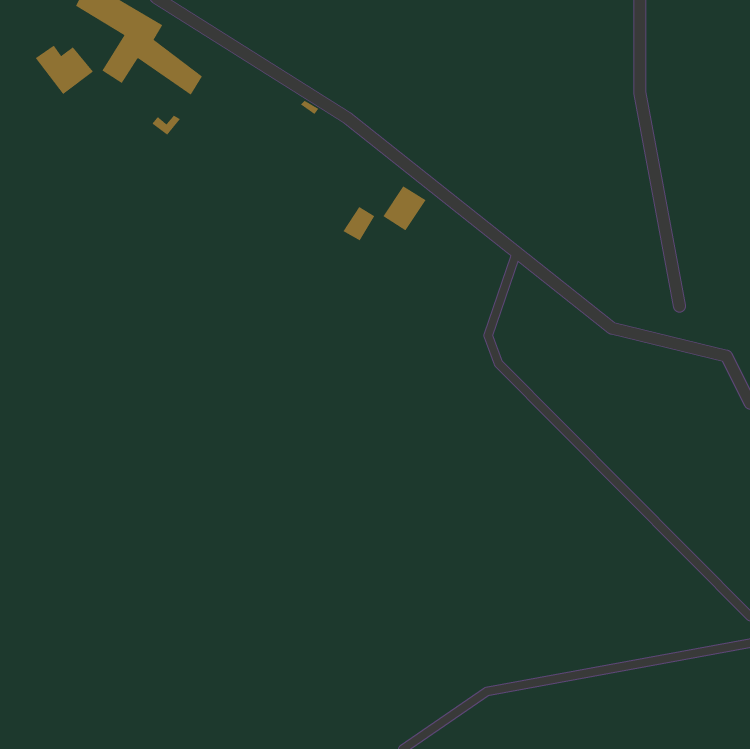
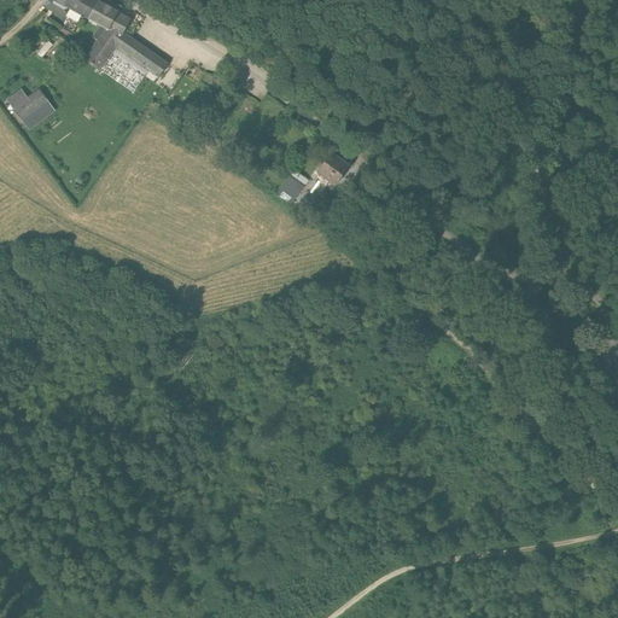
building: [35,45,94,95] -> [5,87,53,128]

